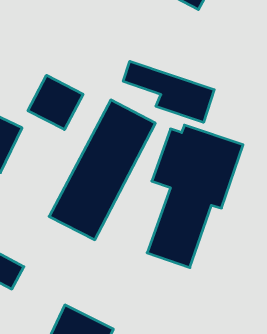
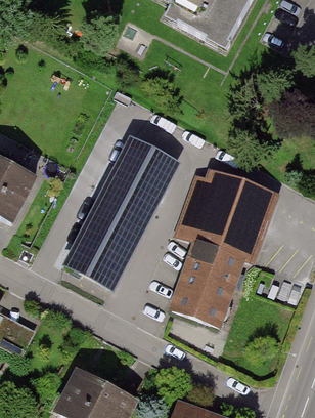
building: [123,61,214,122] -> none
building: [28,75,83,130] -> none

